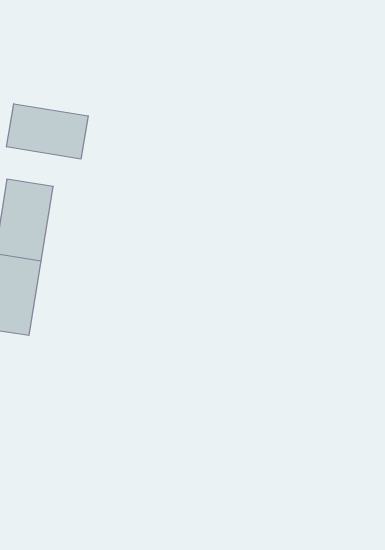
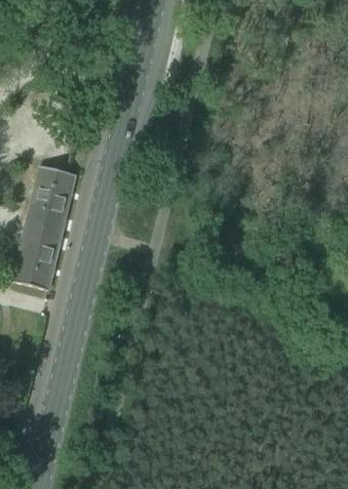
building: [7,104,88,159] -> none

